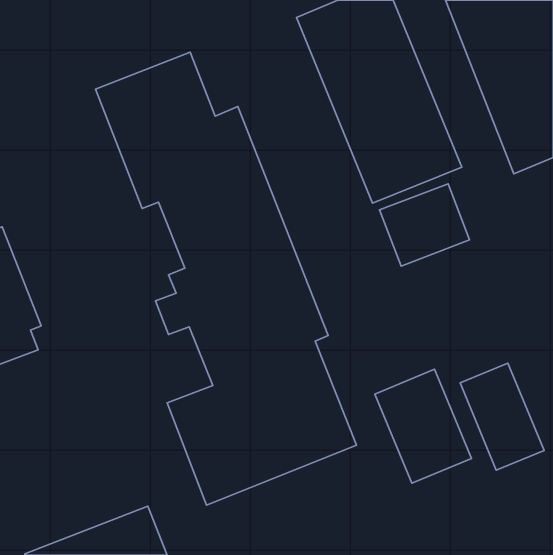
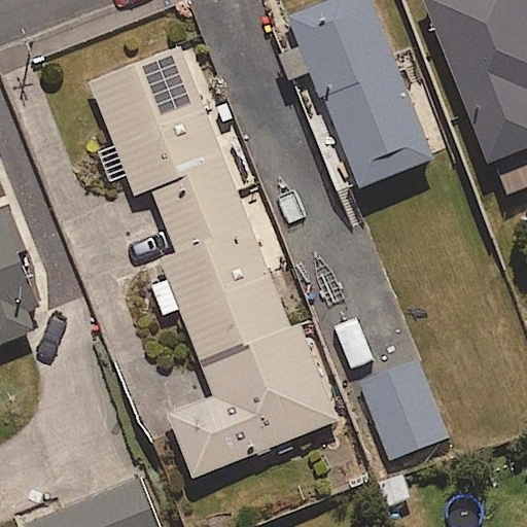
building: [380,184,469,266] -> none
building: [460,363,544,470] -> none

